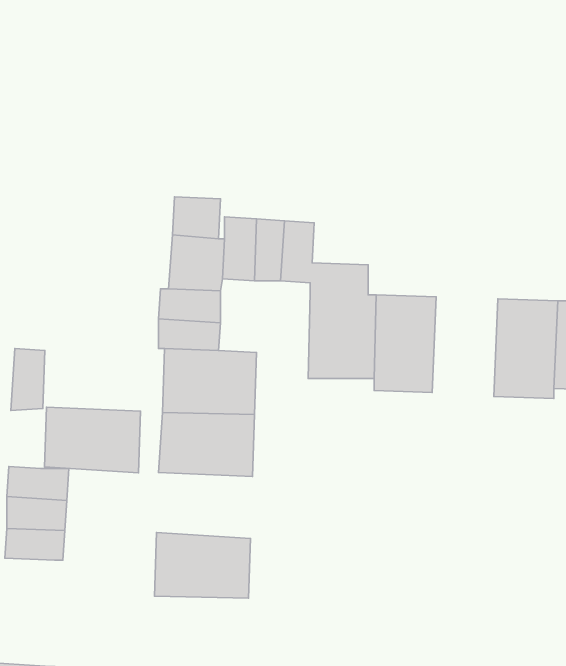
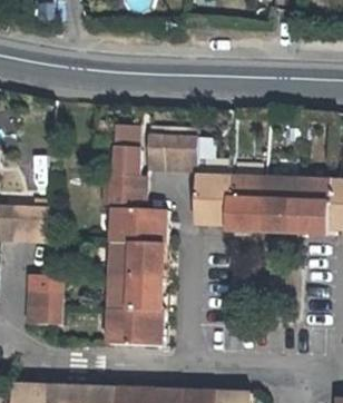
building: none -> [262,178,298,234]
building: [45,407,140,473] -> [108,276,161,313]

